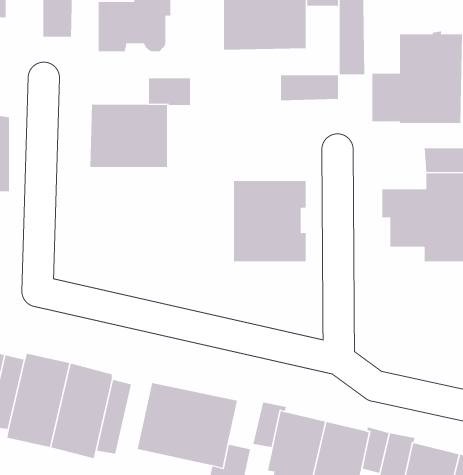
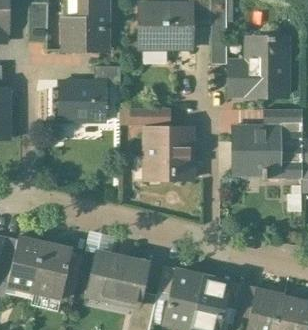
building: [280,75,339,101] -> [131,109,167,125]

